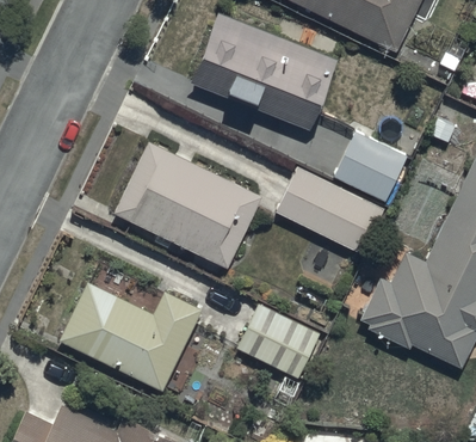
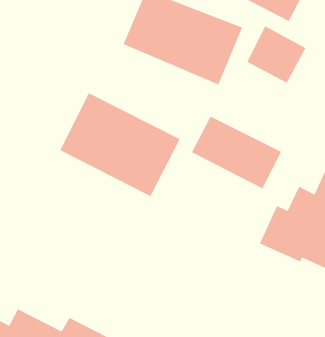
building: [334,130,408,202] -> [246,25,307,84]
building: [60,281,204,392] -> none
building: [236,305,322,382] -> none

